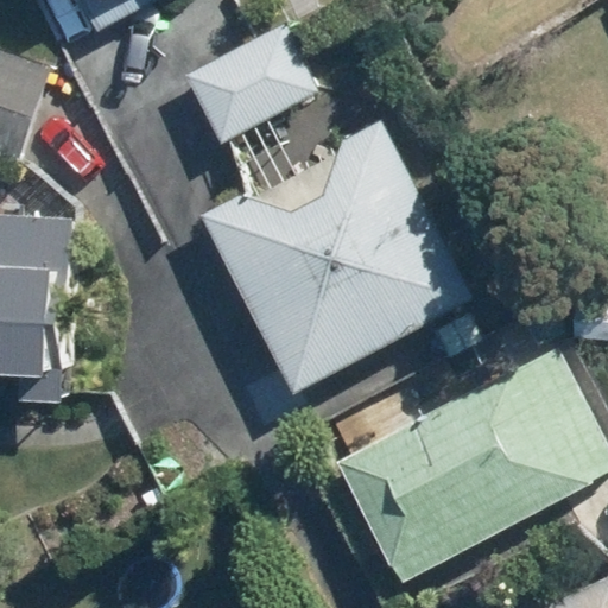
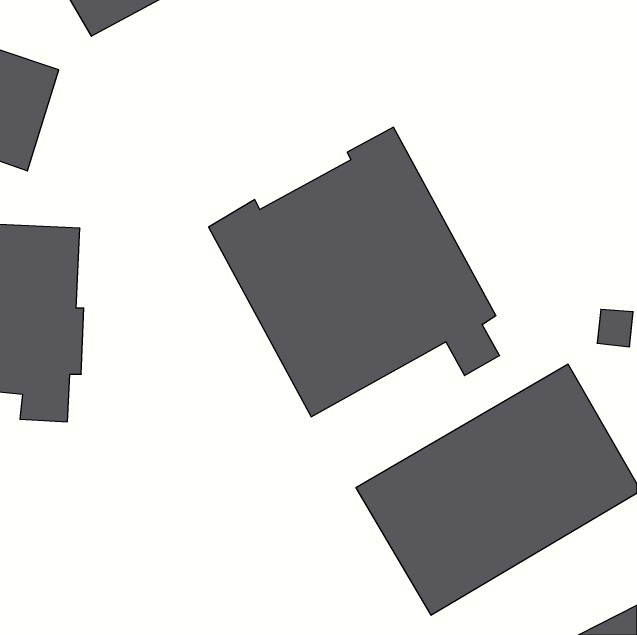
building: [180,24,311,145] -> none

